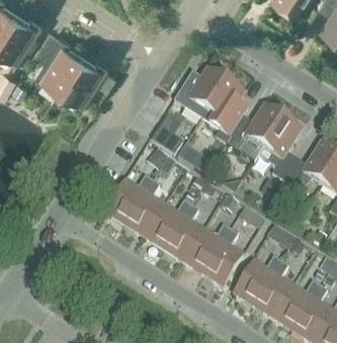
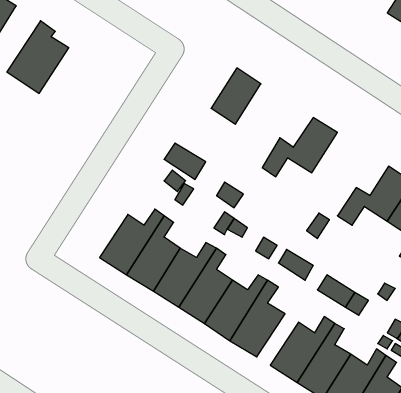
building: [59,55,108,104] -> none
building: [202,82,244,145] -> none
building: [264,118,302,181] -> none

